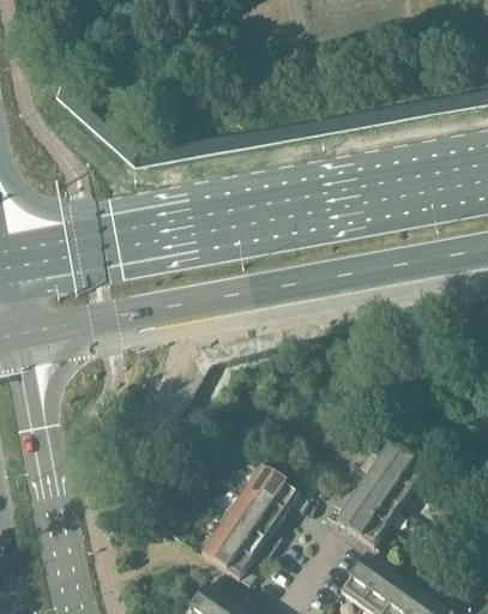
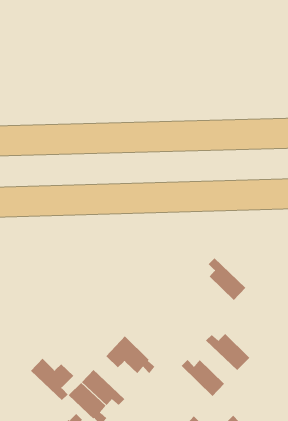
building: [357,457,411,508] -> [208,258,246,301]
building: [332,494,385,548] -> none
building: [227,496,284,548] -> [30,358,74,401]

